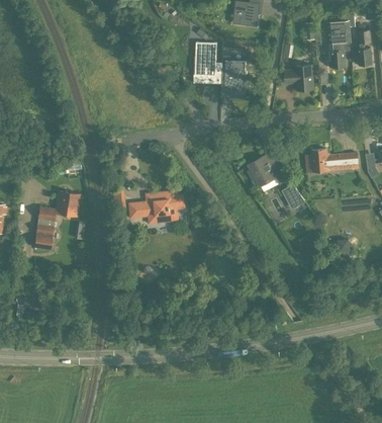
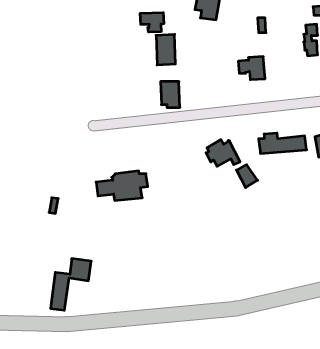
building: none -> [140,13,164,32]
building: [327,20,352,68] -> none
building: [224,59,246,87] -> [161,82,180,107]
building: [34,192,79,249] -> [51,259,91,310]

